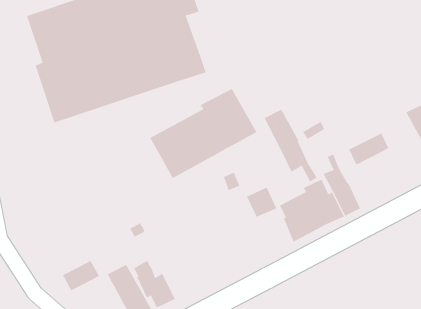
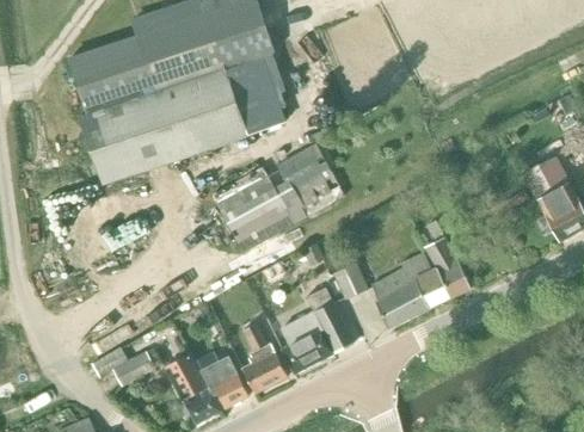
building: [264,109,317,182] -> none
building: [348,132,389,166] -> none
building: none -> [281,285,354,371]
building: none -> [241,321,287,390]

